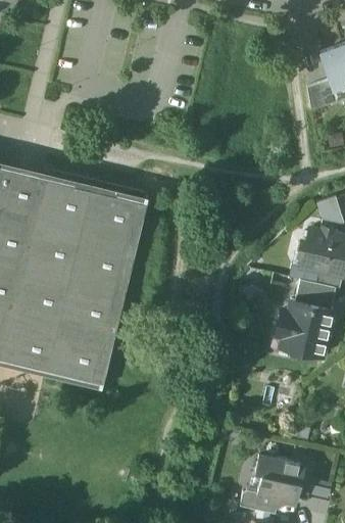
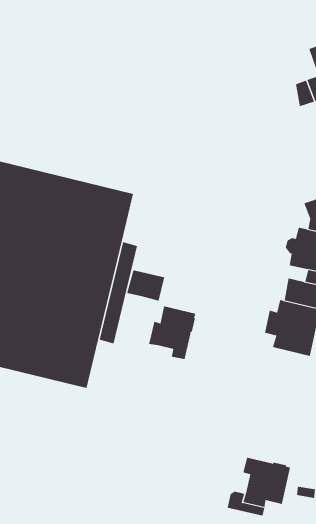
building: none -> [126,270,165,301]
building: none -> [149,305,196,360]

